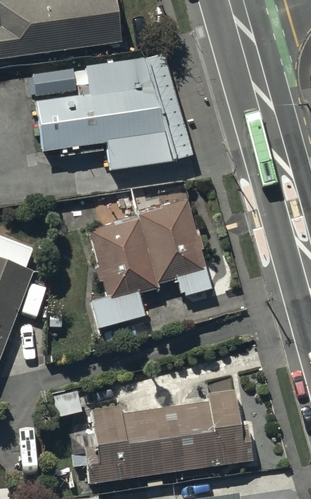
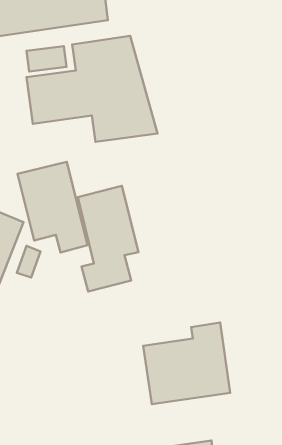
building: [138,207,213,304] -> [17,162,88,253]
building: [77,391,170,468] -> none

